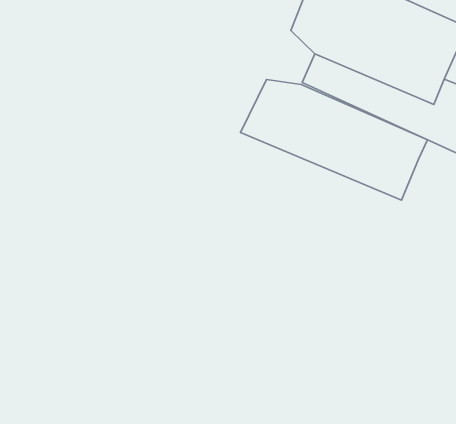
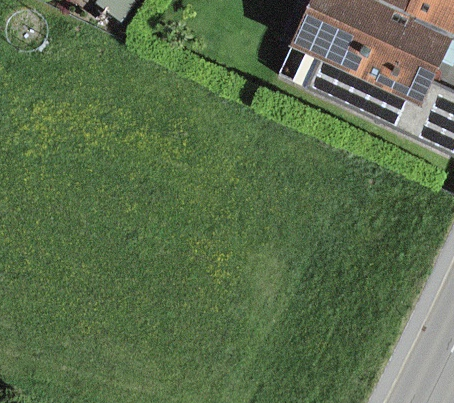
building: [241,79,428,200] -> none

